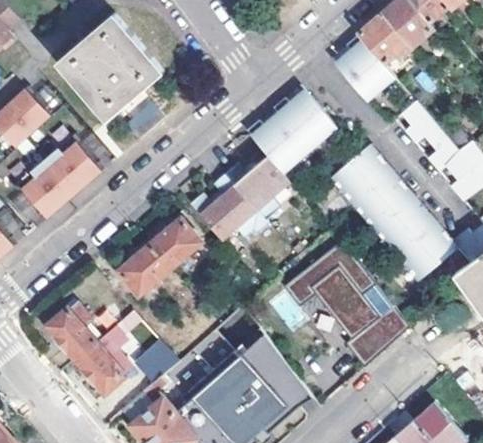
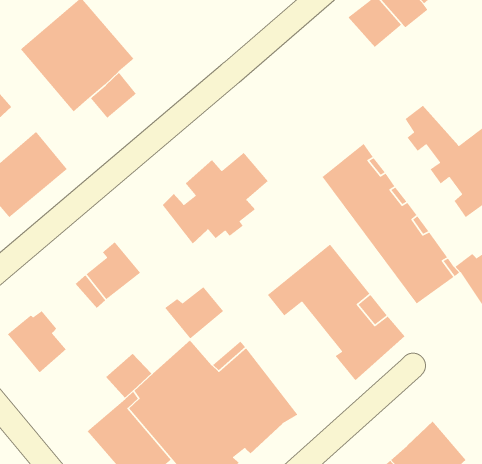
building: [334,34,399,105] -> none
building: [249,88,340,175] -> none
building: [144,219,199,268] -> [164,286,224,340]
building: [75,325,130,393] -> none

